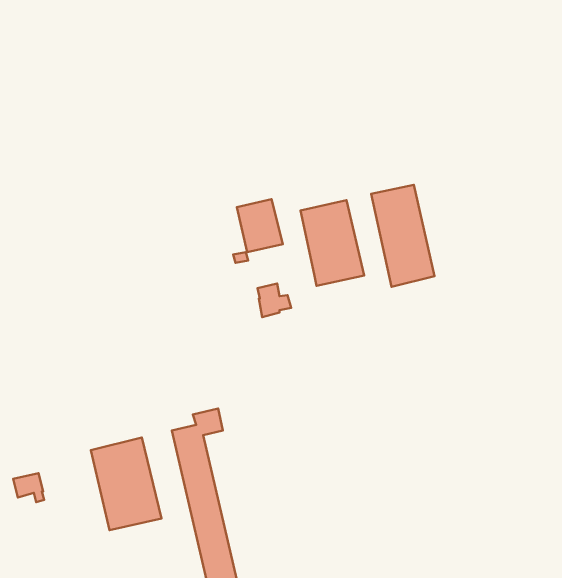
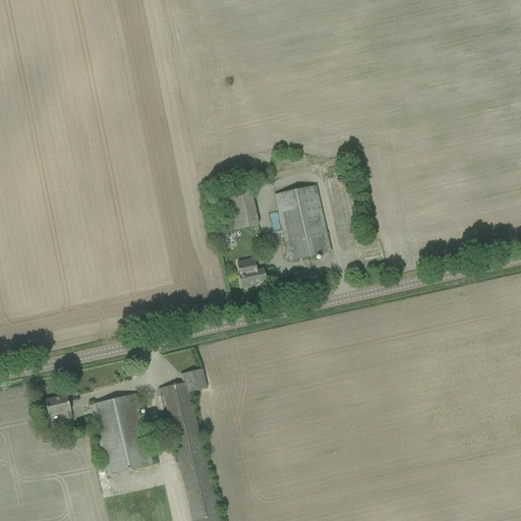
building: [371,185,435,287] -> none
building: [13,473,44,502] -> [45,394,72,419]

